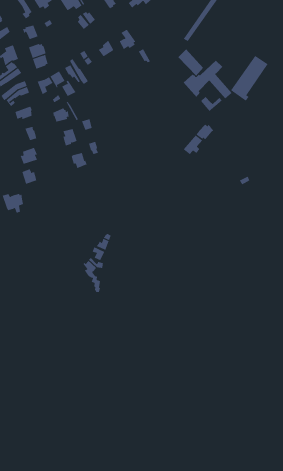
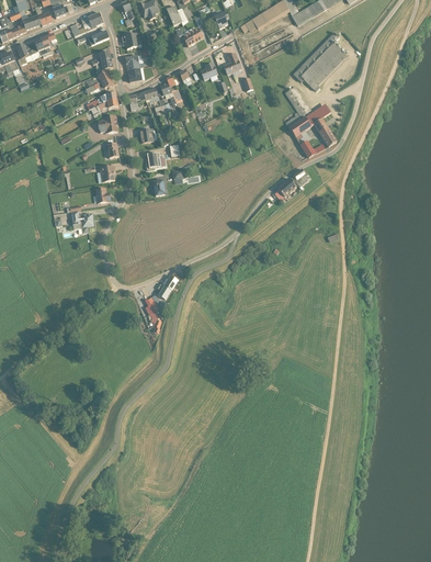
building: [230,55,269,102] -> [299,44,345,92]

